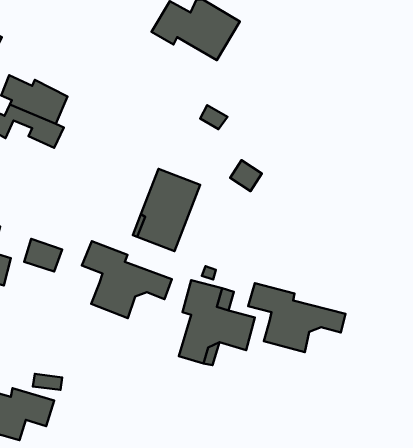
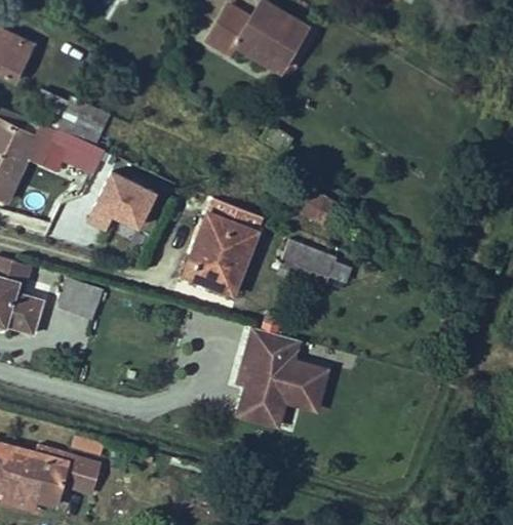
building: none -> [89,171,156,228]
building: none -> [281,241,339,284]
building: [82,241,172,318] -> none
building: [248,283,346,352] -> none

